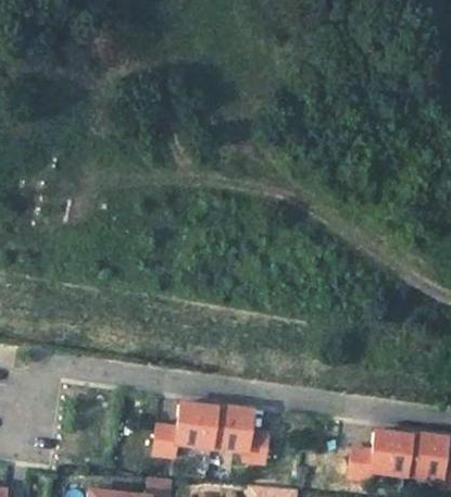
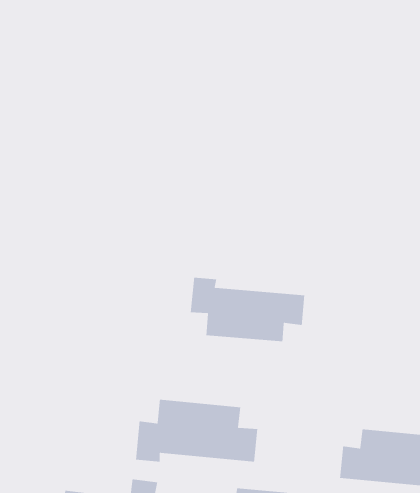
building: none -> [190,277,305,342]

